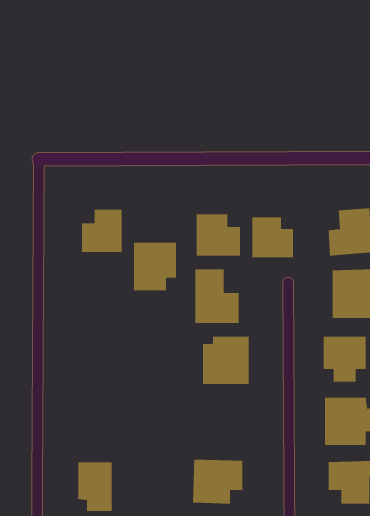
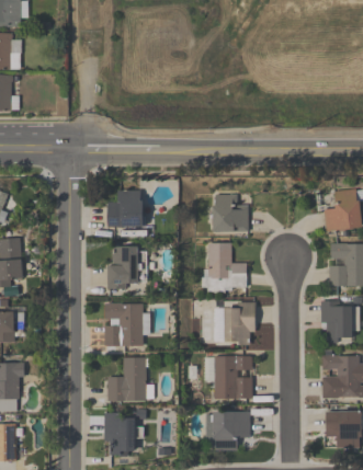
building: [252,216,294,258] -> none
building: [133,242,177,291] -> [107,245,146,288]
building: none -> [104,302,150,346]
building: none -> [203,354,252,400]
building: none -> [106,357,154,402]

